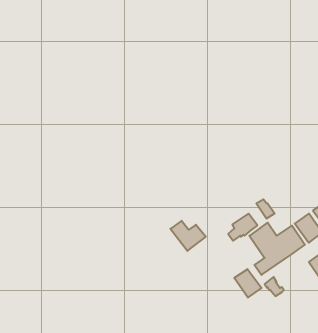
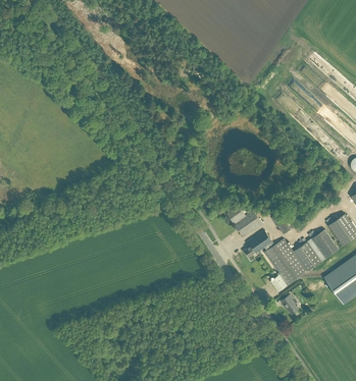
building: [170,221,206,251] -> [225,206,261,236]
building: [234,269,262,298] -> none

